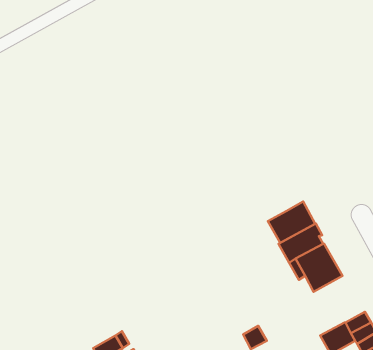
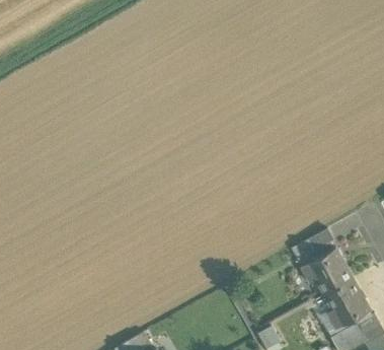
building: [268,202,315,242] -> none
building: none -> [325,279,369,329]

